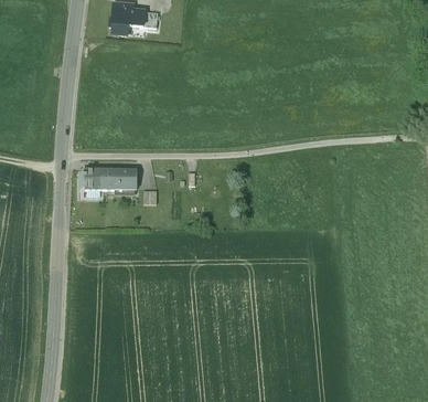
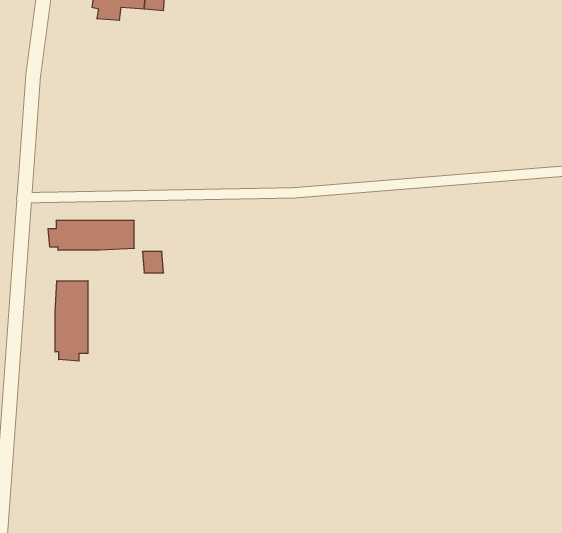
building: none -> [55,281,88,361]

